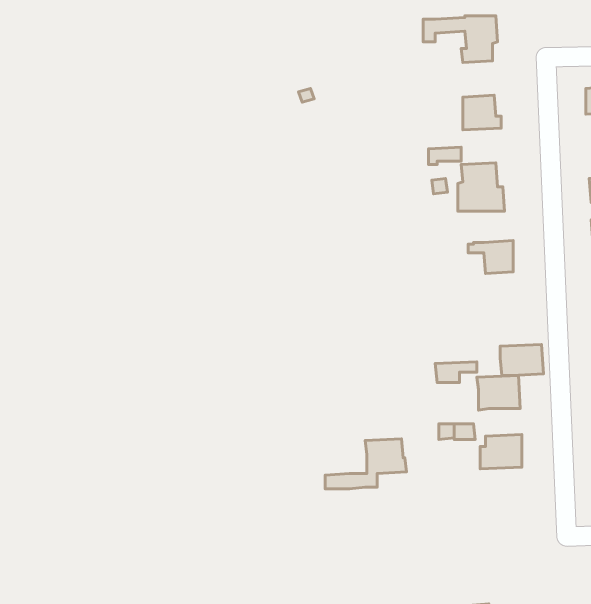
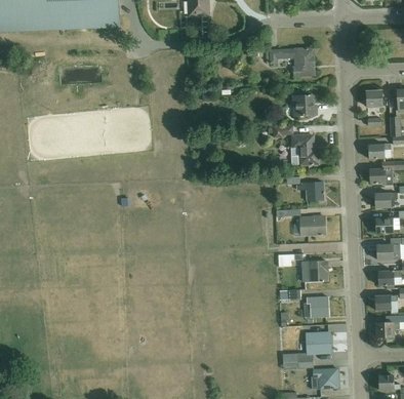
building: [500,344,543,376] -> [299,216,325,235]
building: [325,439,407,489] -> [282,332,330,362]
building: none -> [311,368,338,389]

